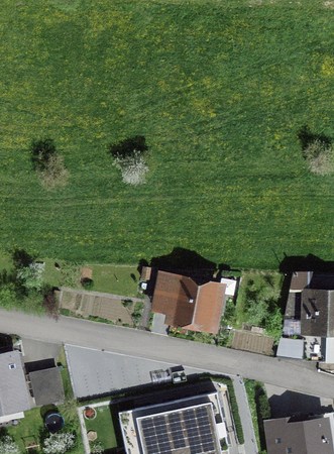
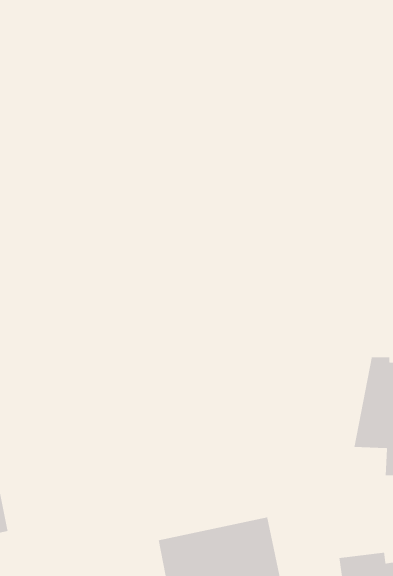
building: [156,276,220,327] -> none
building: [31,370,64,406] -> none

